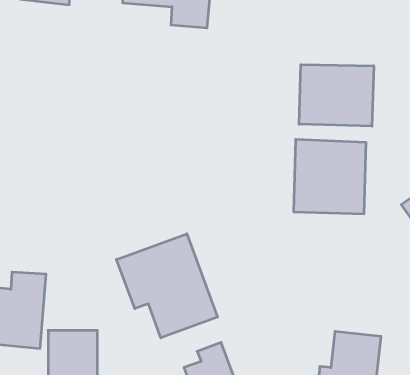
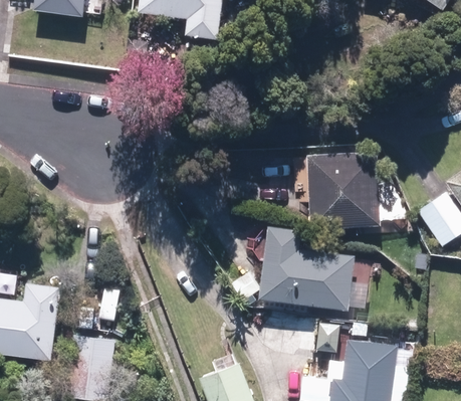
building: [299,65,374,126] -> none
building: none -> [260,228,355,312]
building: [116,234,218,338] -> none

